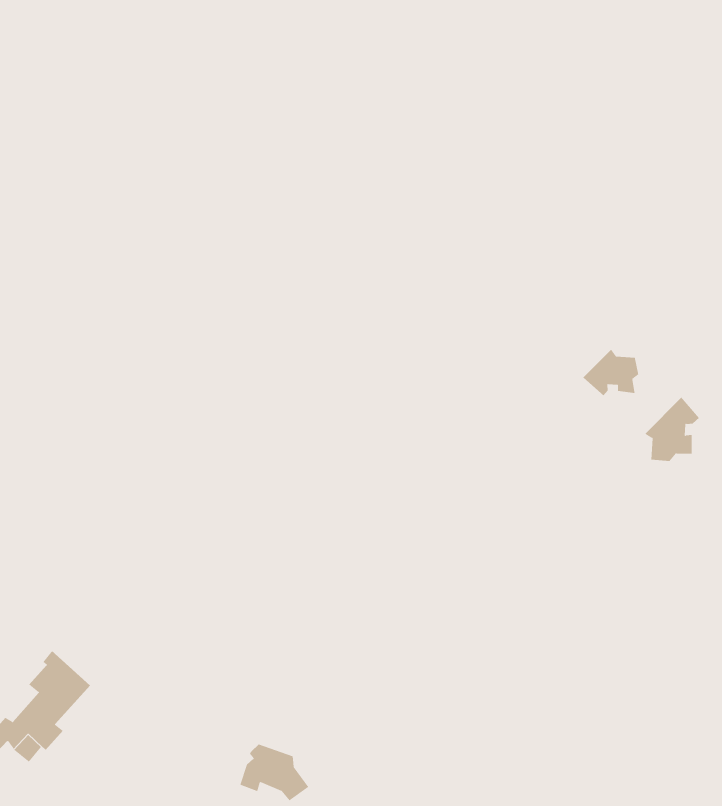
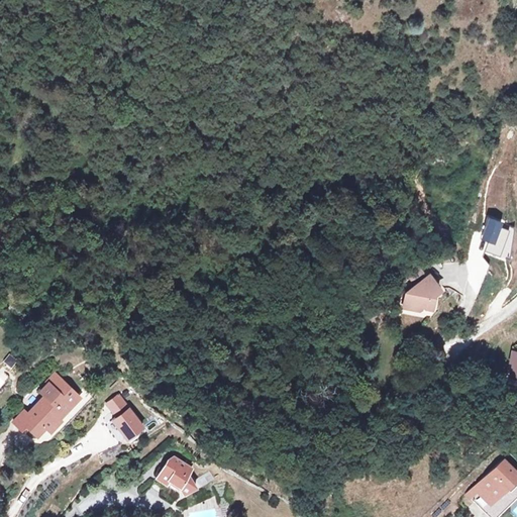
building: [582,349,639,396] -> none
building: none -> [102,391,146,443]

